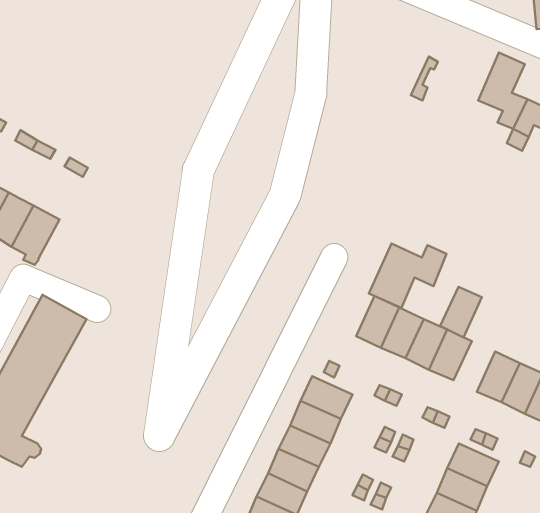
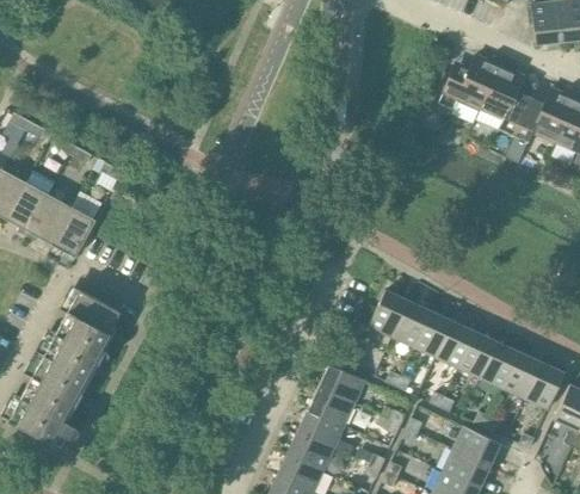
building: none -> [439,55,501,110]
building: [369,243,447,308] -> none
building: [440,287,482,337] -> [459,332,498,378]

